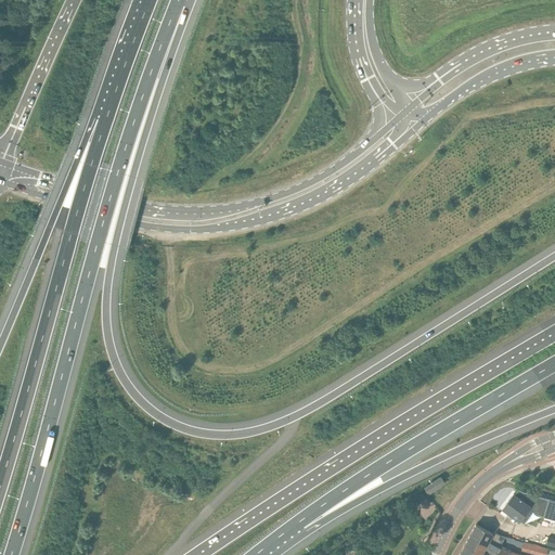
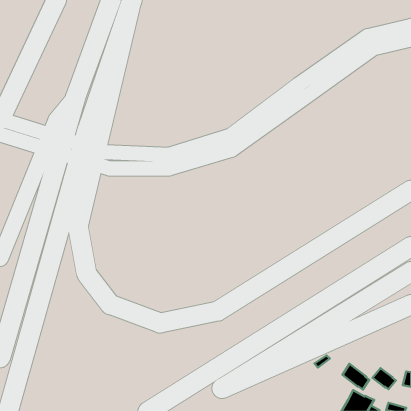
building: none -> [342,364,369,389]

